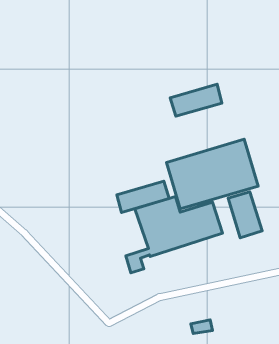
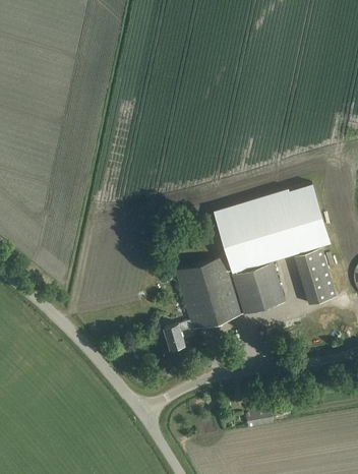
building: [170,84,222,116] -> none
building: [117,181,169,213] -> none

